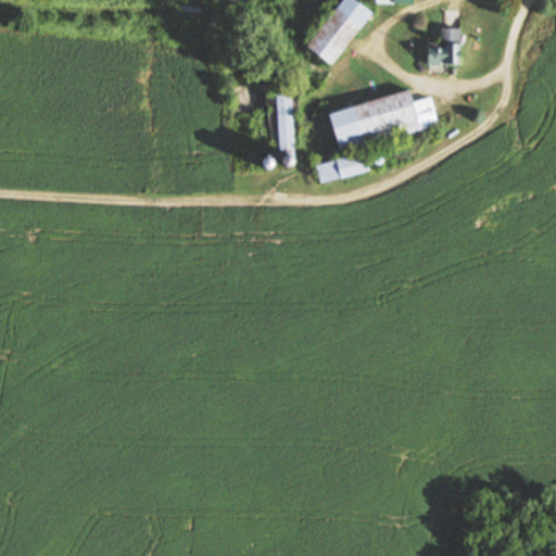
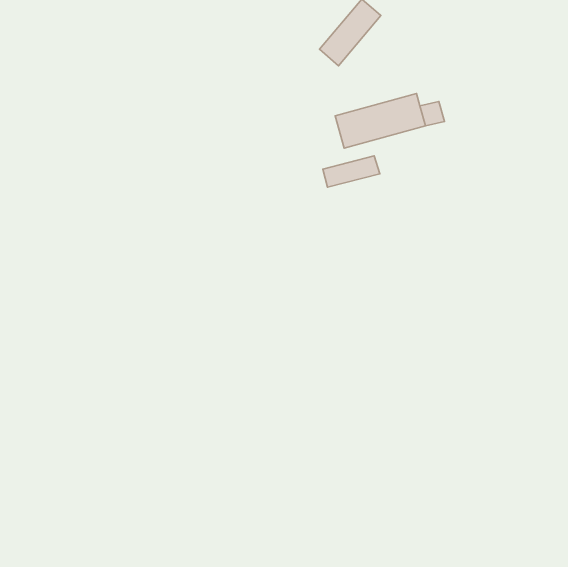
building: [428,27,458,64] -> none
building: [277,96,295,147] -> none

